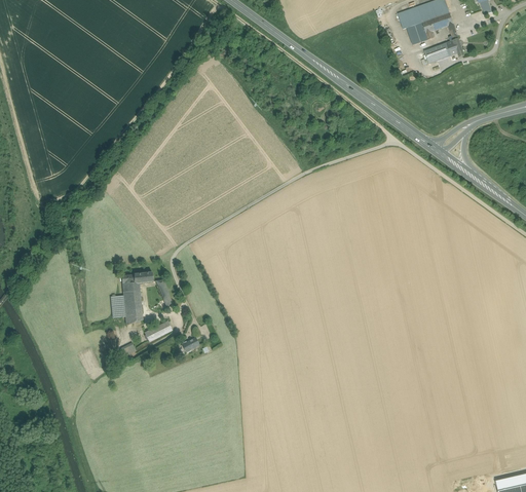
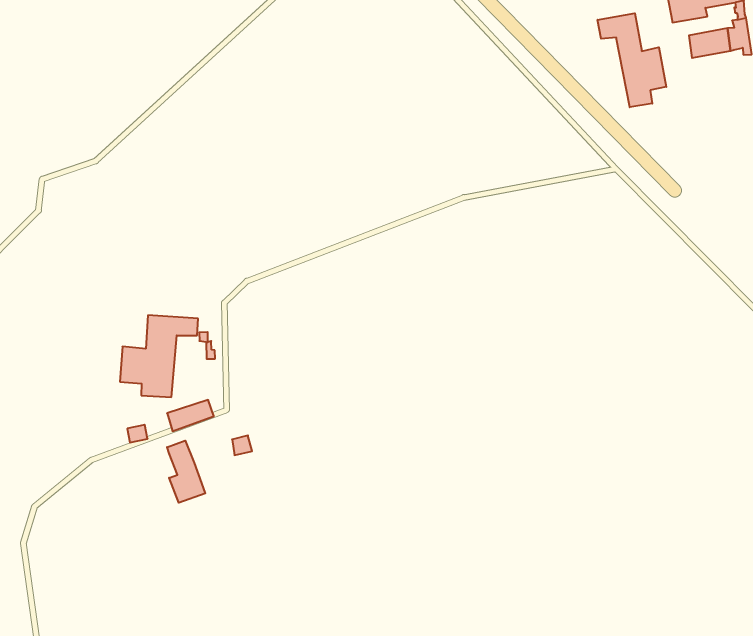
building: none -> [598,13,666,107]
building: none -> [167,441,205,503]

